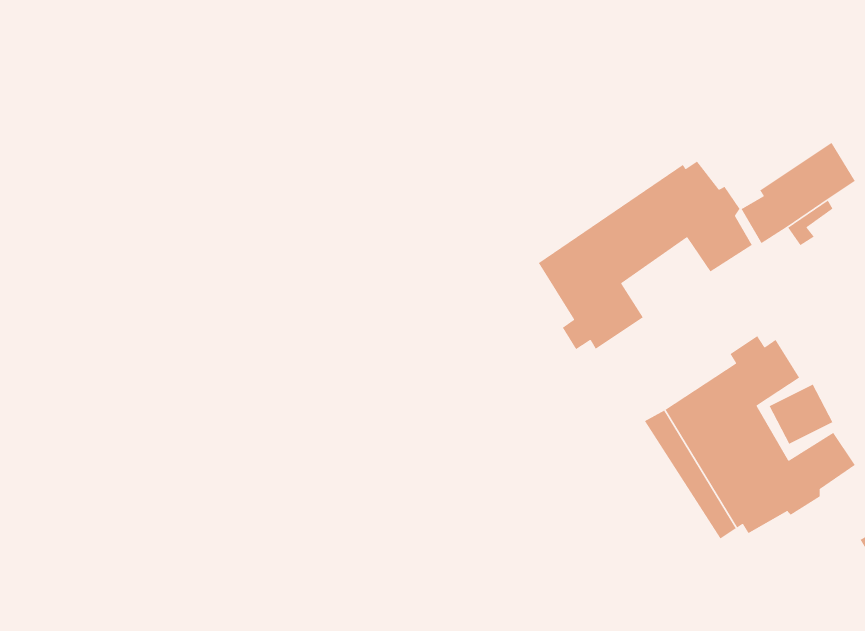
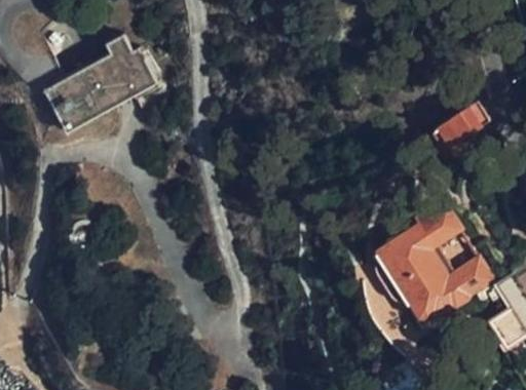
building: none -> [43,31,159,131]
building: [538,161,753,350] -> none

